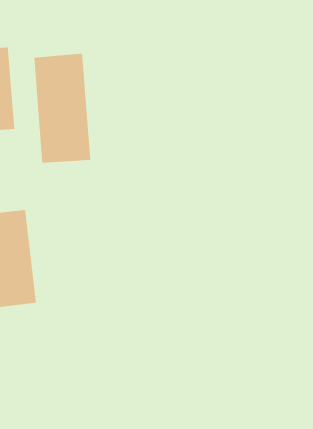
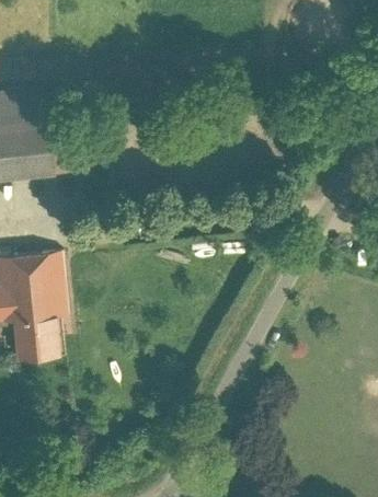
building: [33,53,91,163] -> none

